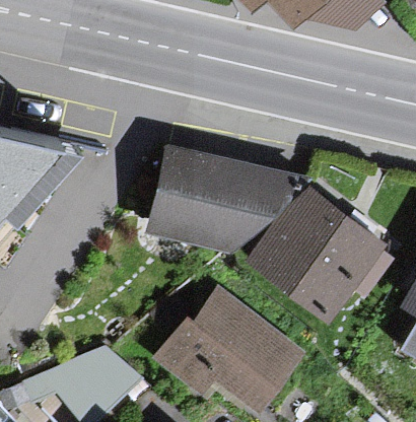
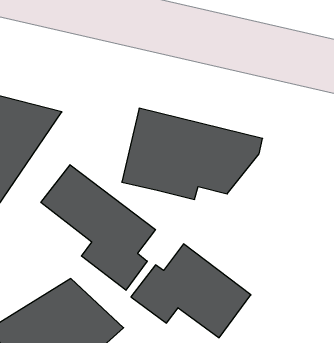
building: [252,190,379,319] -> none
building: none -> [41,165,155,290]

